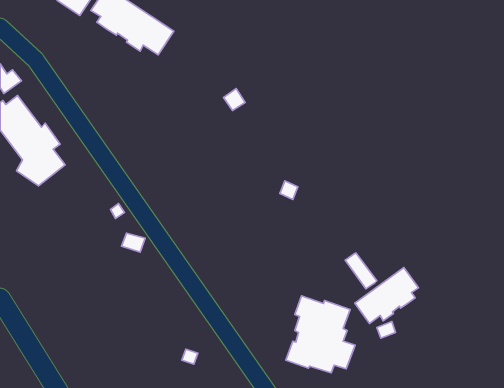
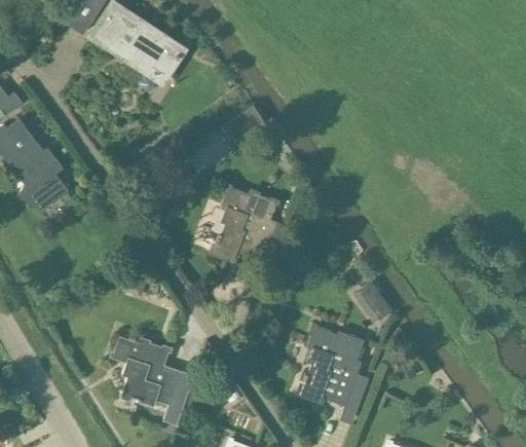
building: none -> [211,186,279,261]
building: [355,268,419,324] -> none
building: none -> [112,336,192,409]

